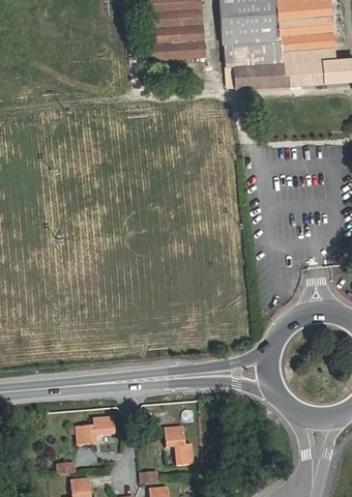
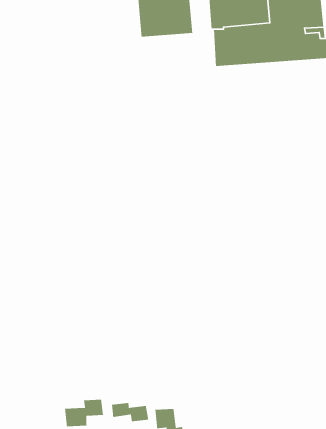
building: none -> [111,402,149,422]

